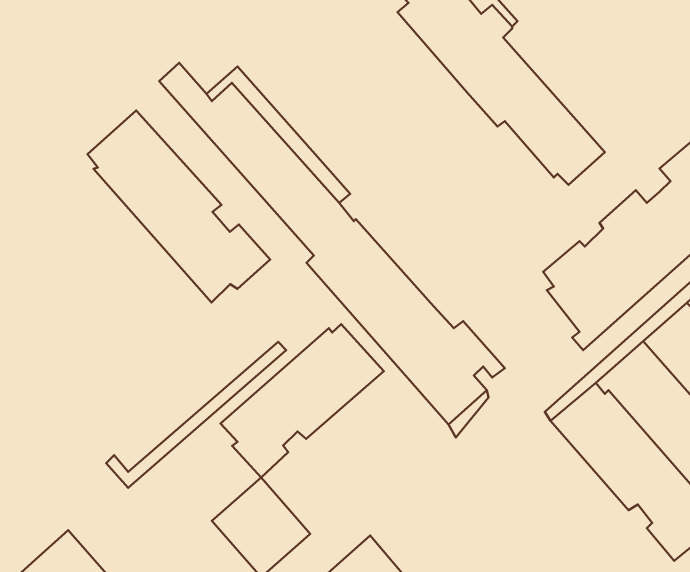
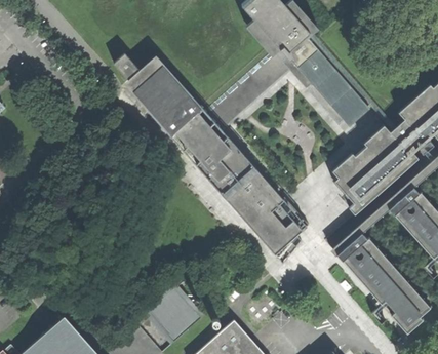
building: none -> [208,54,289,127]
building: [88,110,270,303] -> none
building: [220,324,384,477] -> none
building: [106,342,286,488] -> none

